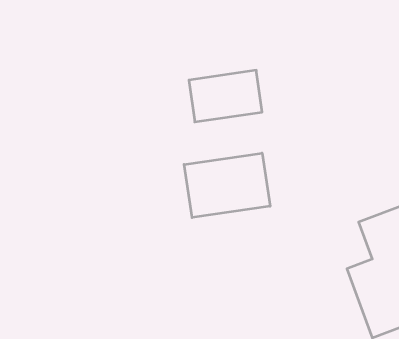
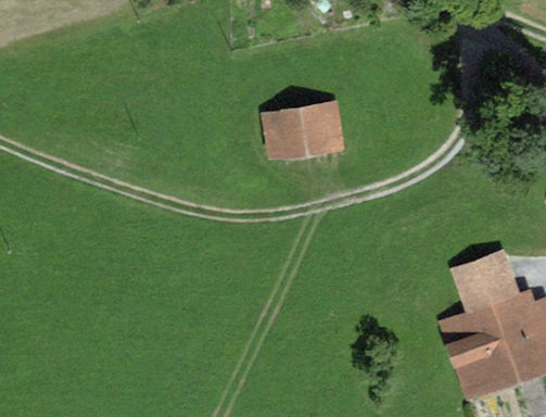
building: [184,153,270,218] -> none

